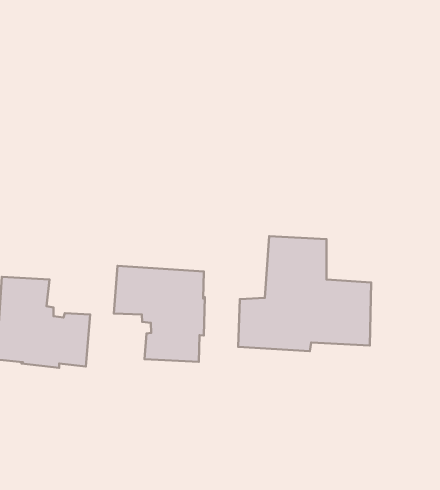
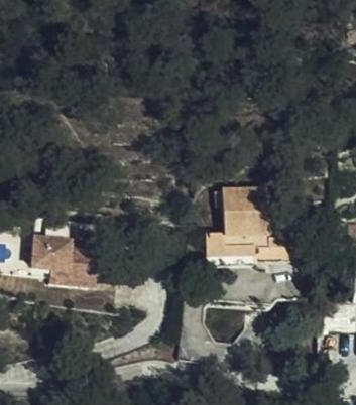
building: [114,266,205,362] -> none

